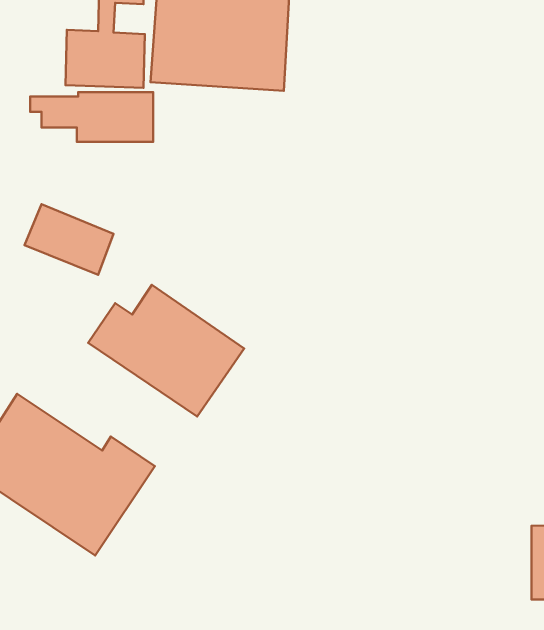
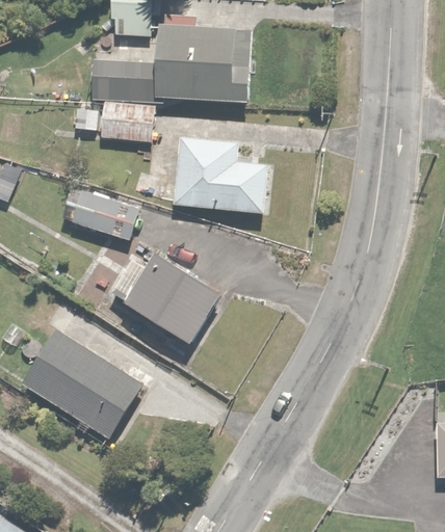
building: none -> [173,137,269,215]

